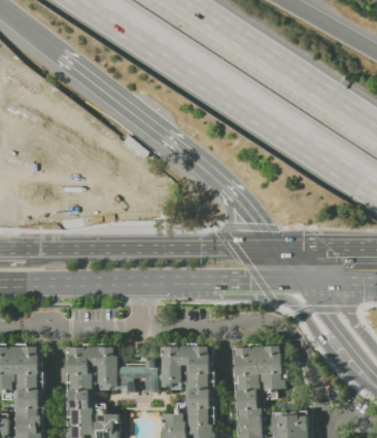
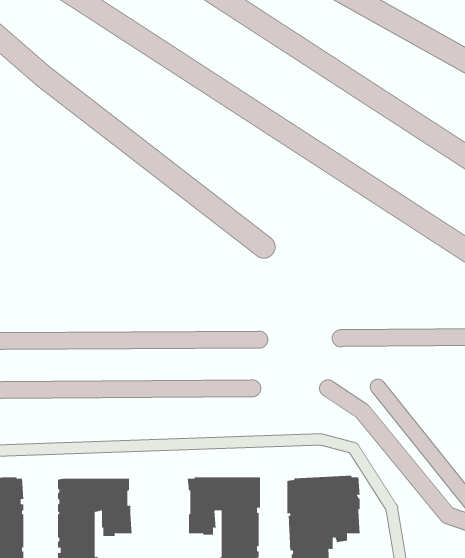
building: [119,360,161,396] -> none

